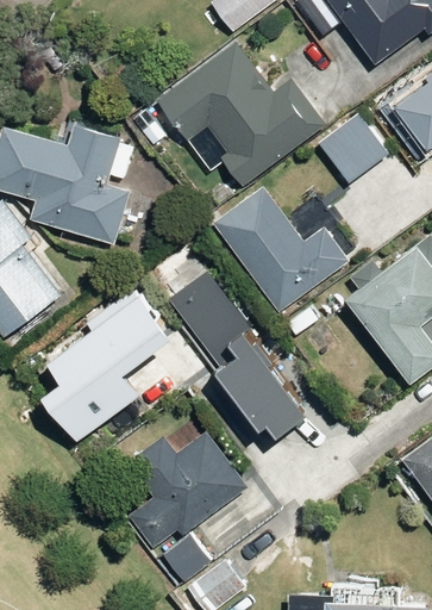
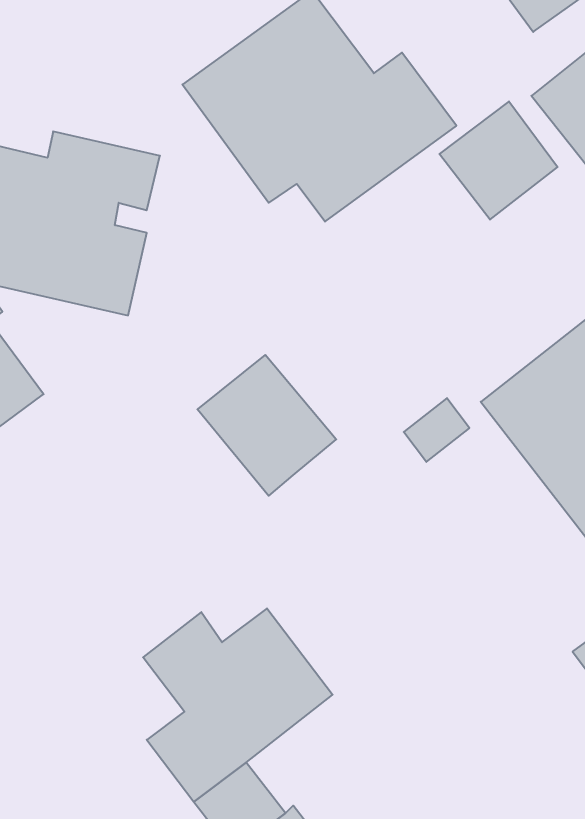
building: [208,182,352,315] -> none
building: [48,286,179,436] -> none
building: [200,324,308,440] -> none

